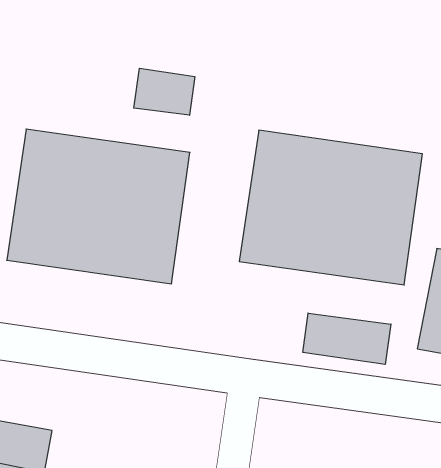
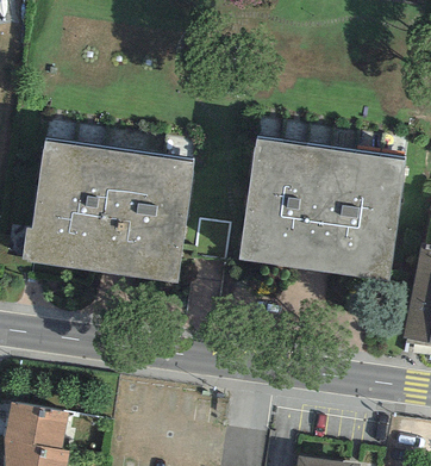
building: [134,68,195,115] -> none
building: [303,313,391,364] -> none

